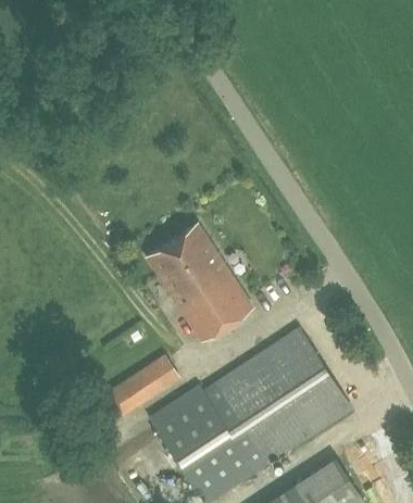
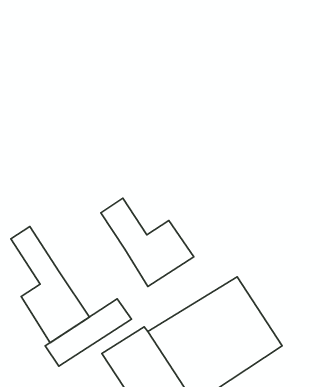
building: [171,225,223,282] -> none
building: none -> [11,227,90,343]

